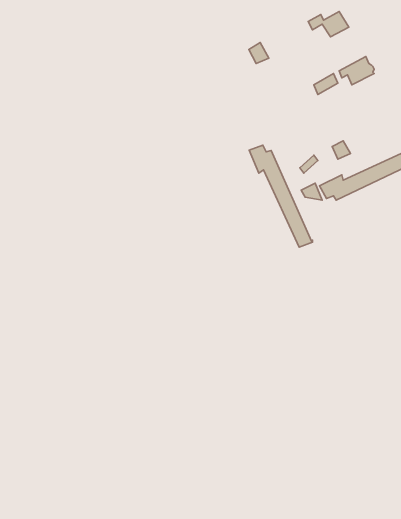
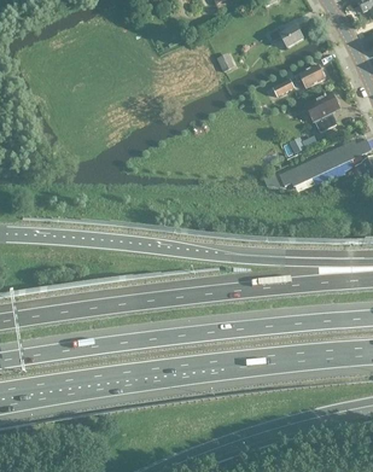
building: none -> [304,89,339,129]
building: [249,145,313,247] -> none

